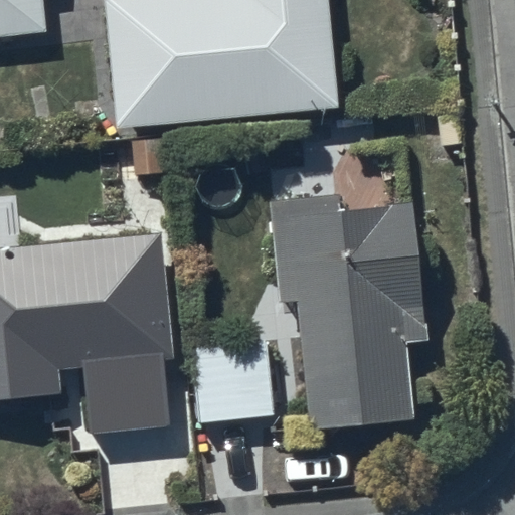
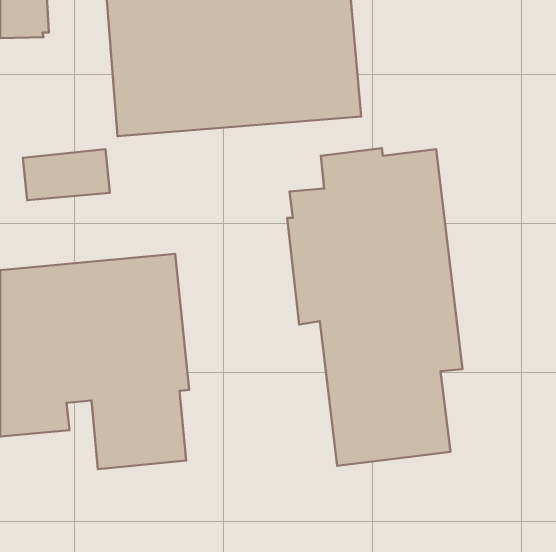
building: [189,340,273,422] -> none

